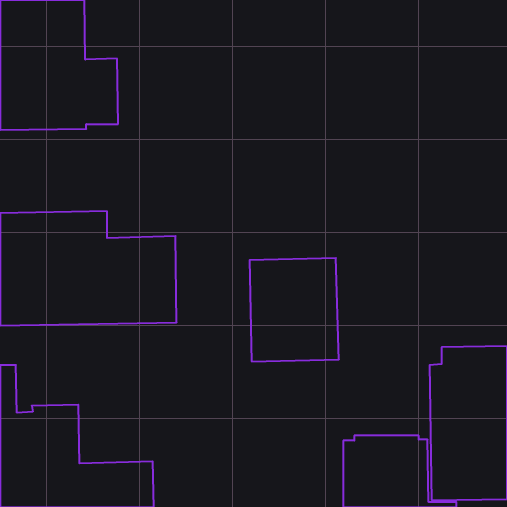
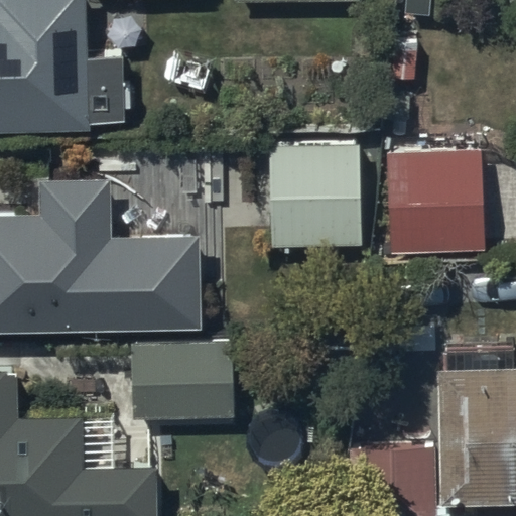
building: none -> [386,146,484,255]
building: [250,258,339,361] -> [269,143,360,248]
building: none -> [131,341,234,420]

